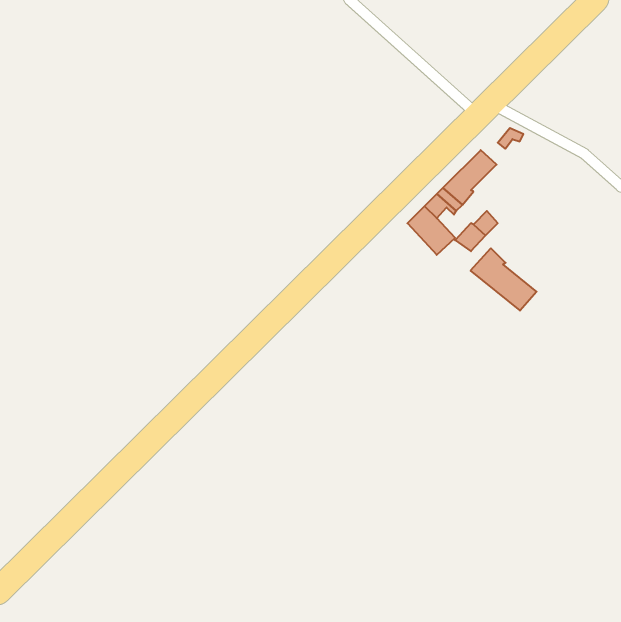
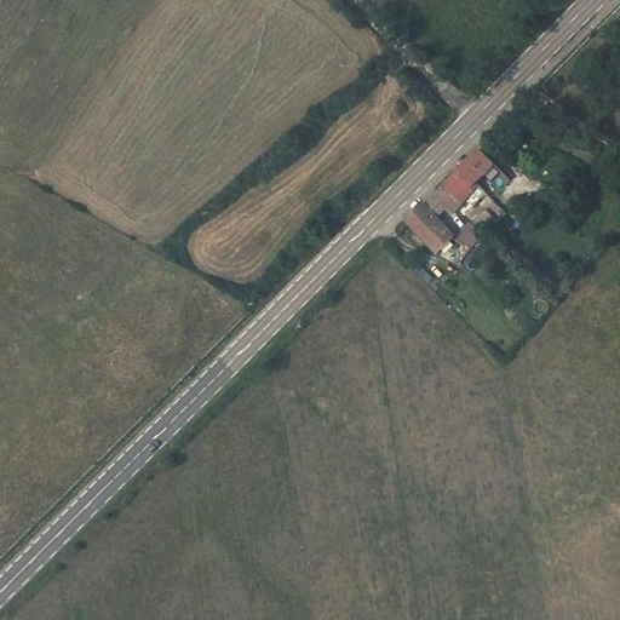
building: [471,248,537,311] -> none

